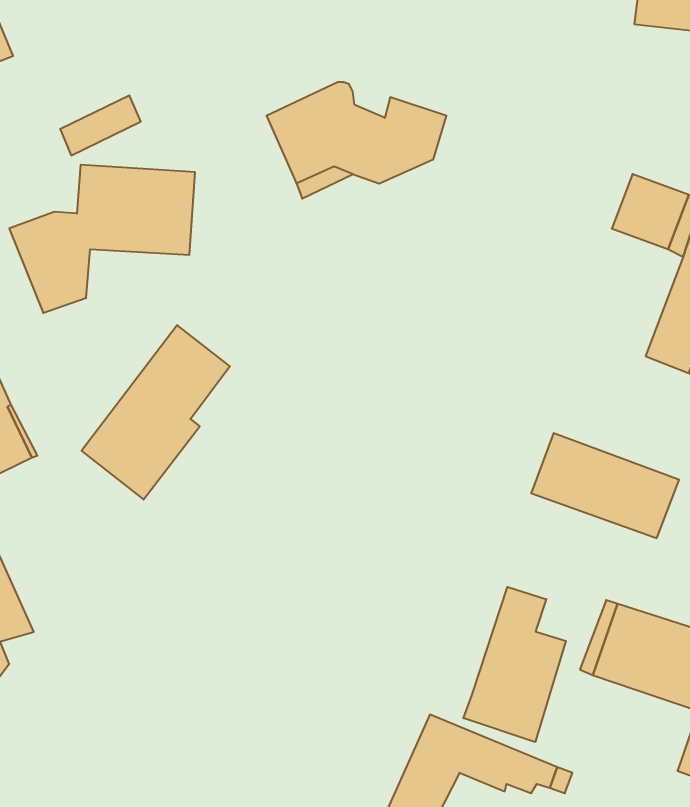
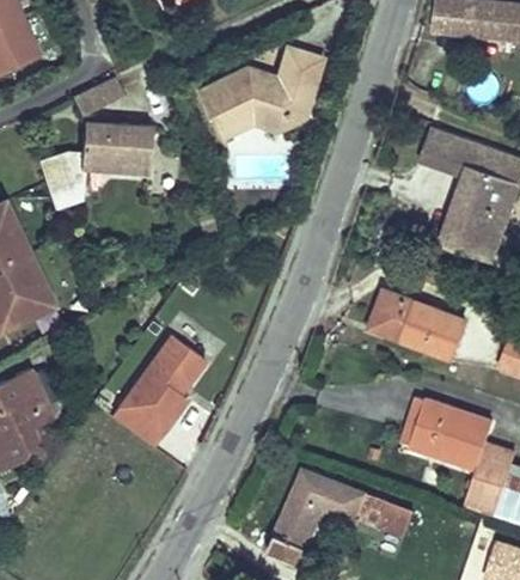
building: none -> [280,45,326,88]
building: [82,325,230,500] -> [112,334,207,445]
building: [463,587,566,742] -> none

